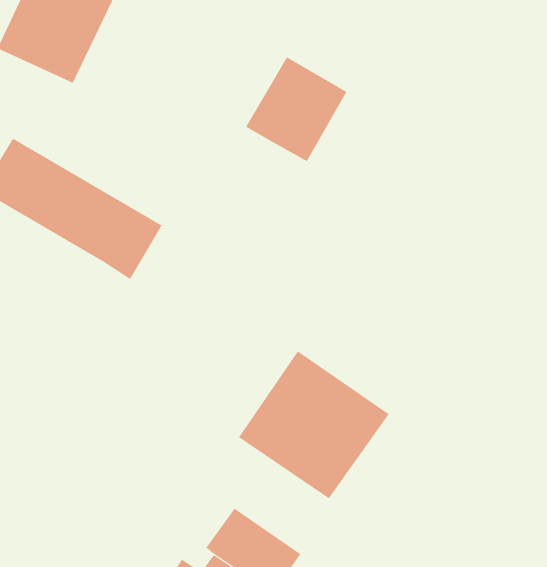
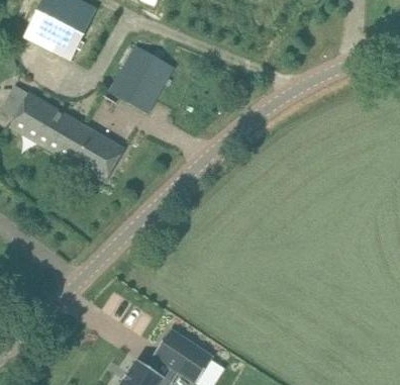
building: [245,57,347,162] -> [108,46,173,113]
building: [238,351,389,499] -> none

